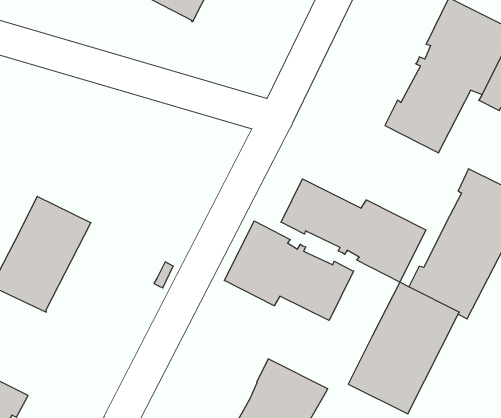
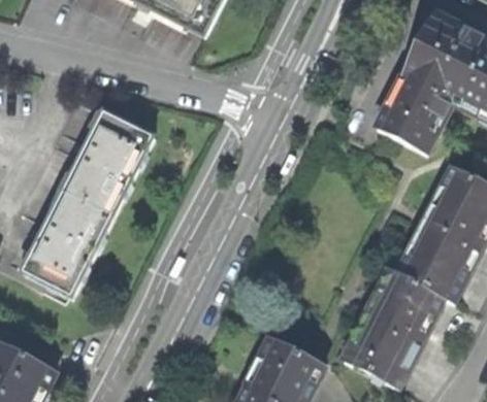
building: none -> [63,109,153,214]
building: [281,179,426,282] -> none
building: [224,221,354,320] -> none

